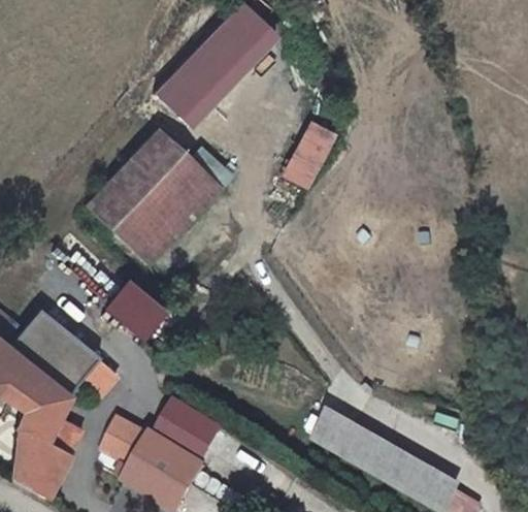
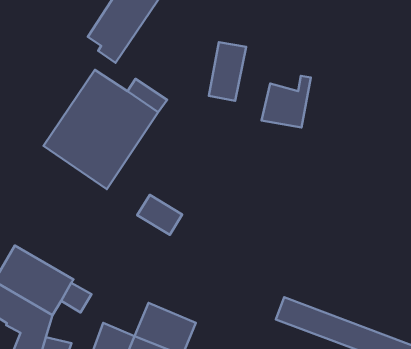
building: none -> [261,76,311,127]
building: [110,287,161,335] -> [137,195,182,235]

